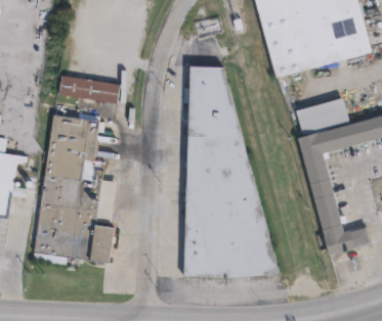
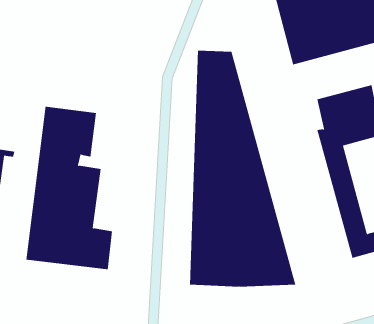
building: [58,77,120,105] -> none

